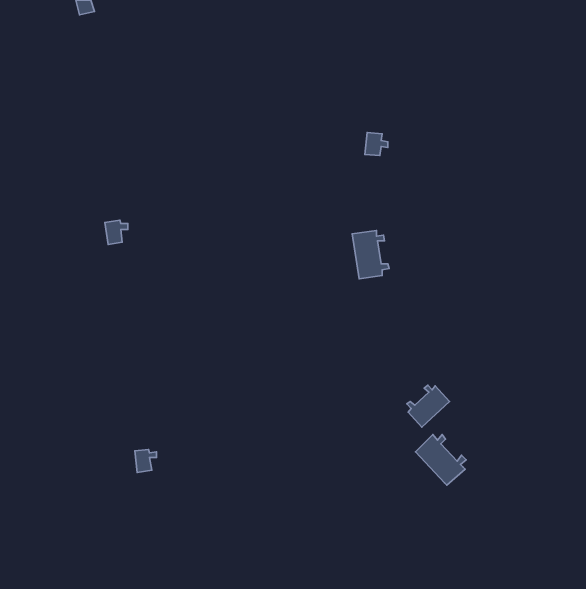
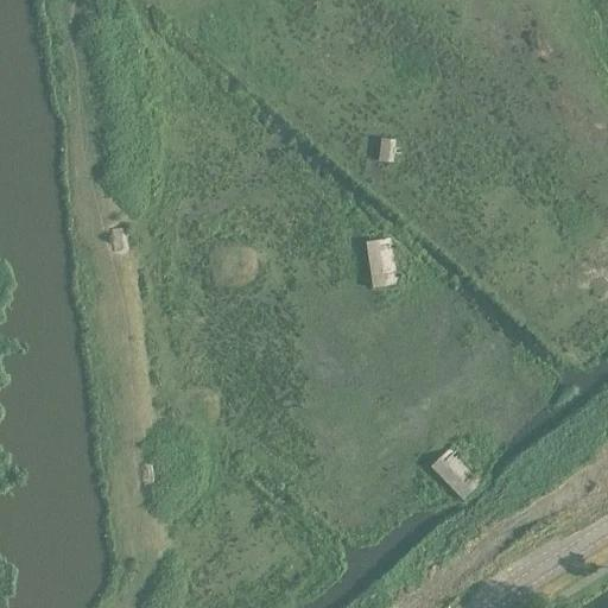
building: [407,385,450,427] -> none

